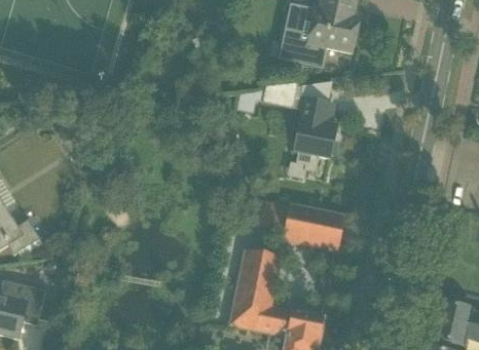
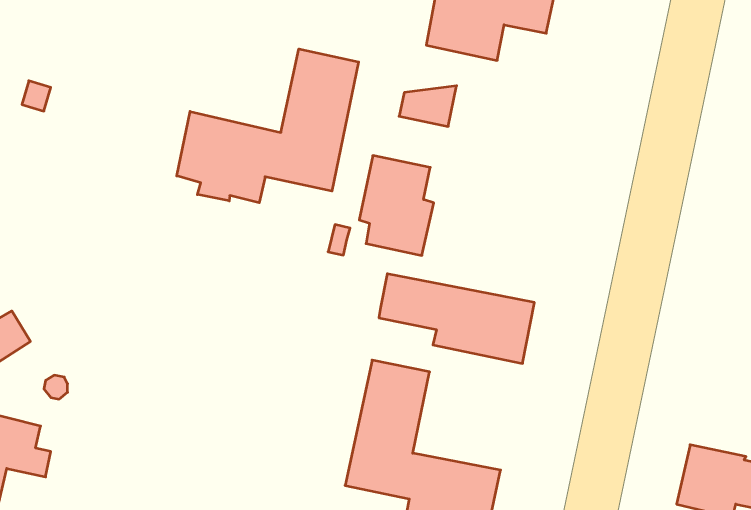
building: none -> [177,49,359,203]
building: [291,96,336,157] -> [359,156,434,255]

